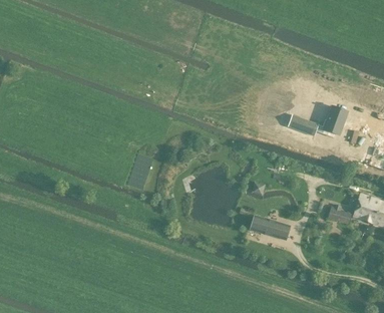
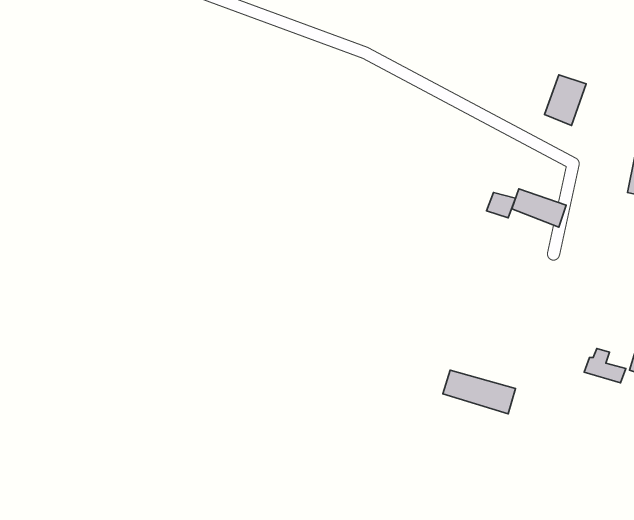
building: [324,106,347,134] -> [544,75,586,125]

